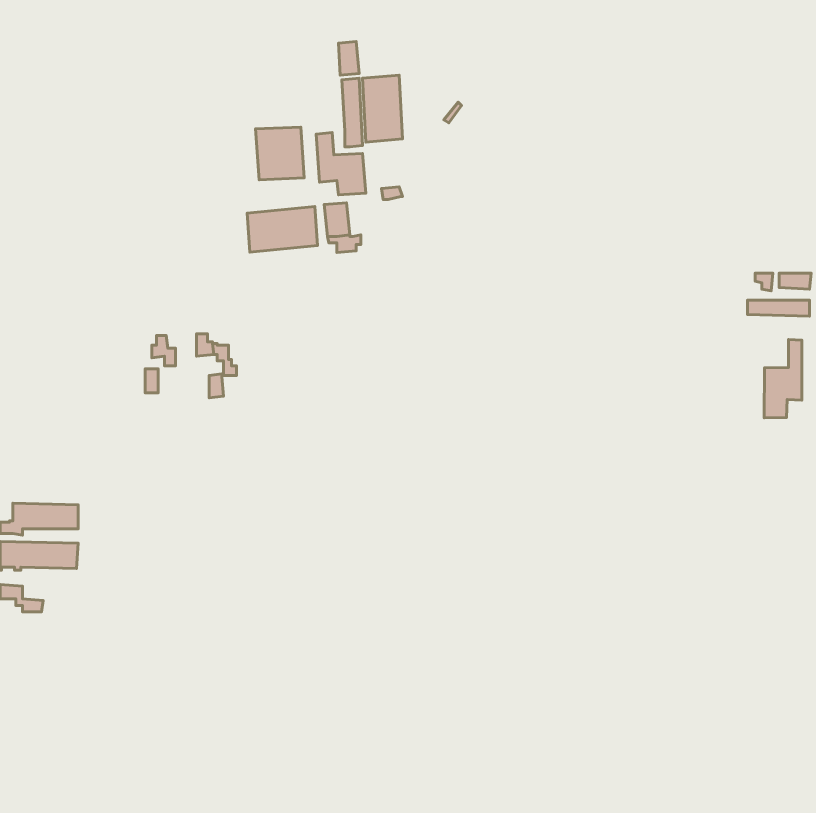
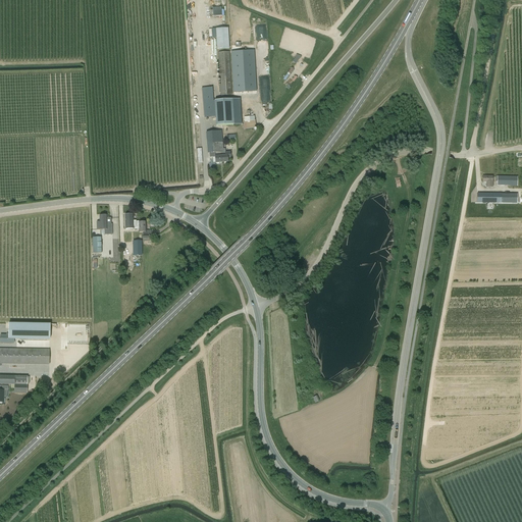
building: [256,127,304,180] -> none
building: [247,207,317,252] -> none
building: [764,340,802,418] -> none

